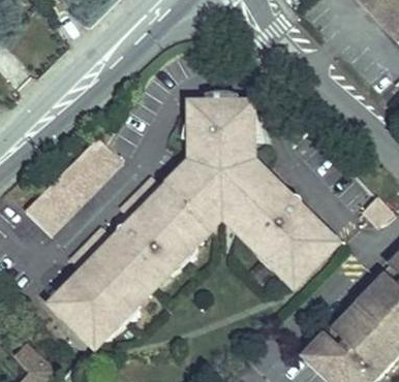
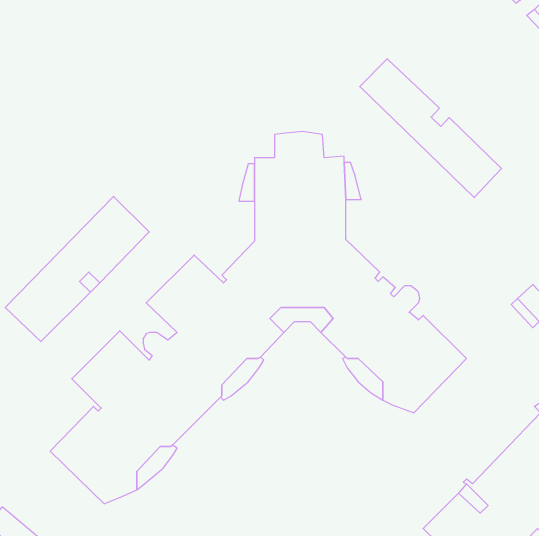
building: none -> [360,59,502,198]

